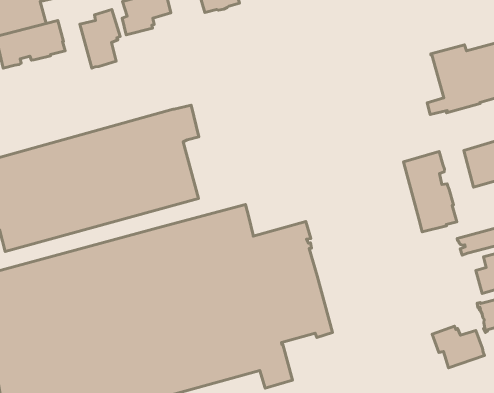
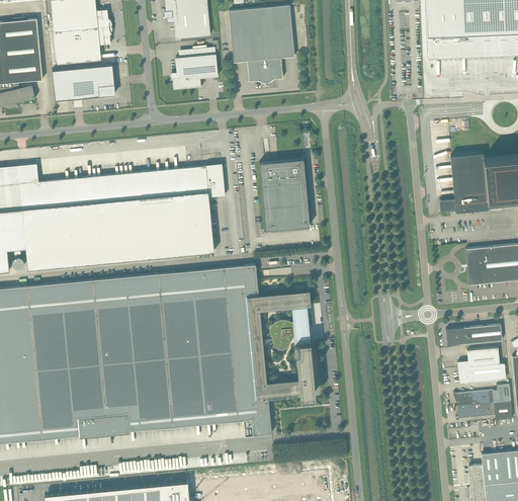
building: [80,9,120,68] -> none
building: none -> [259,159,310,231]
building: [403,151,457,232] -> none
building: [432,326,485,368] -> none

